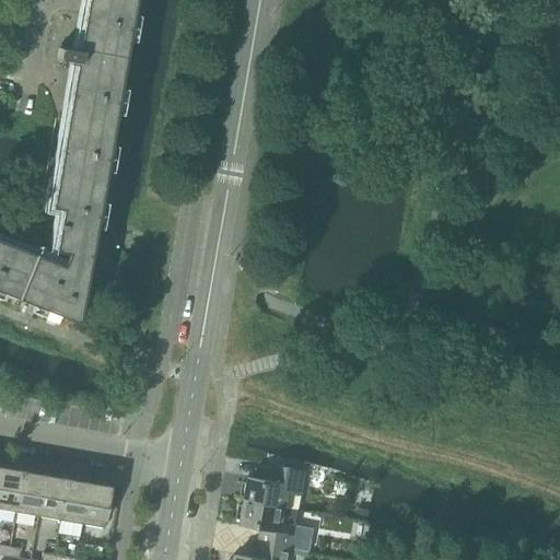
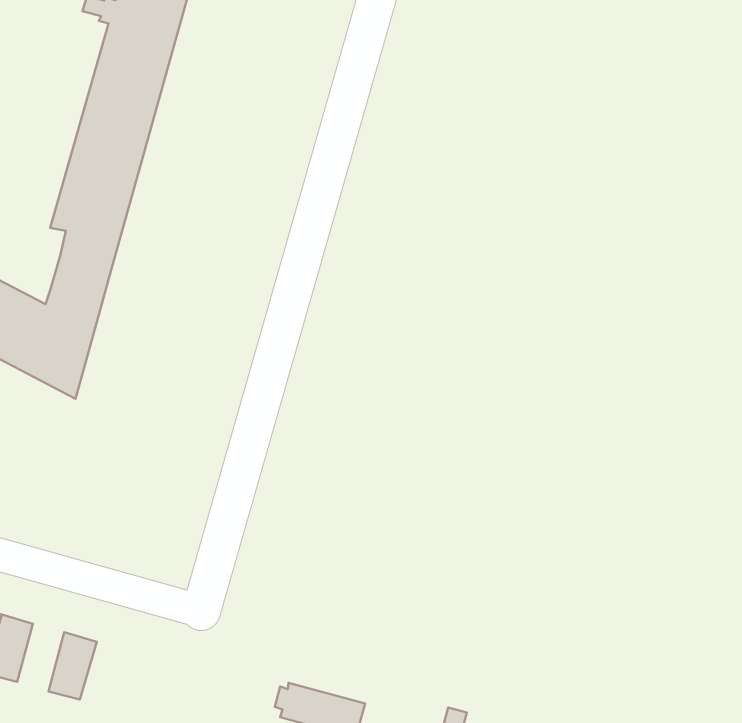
building: [243,465,308,510] -> none
building: [61,479,91,537] -> none

